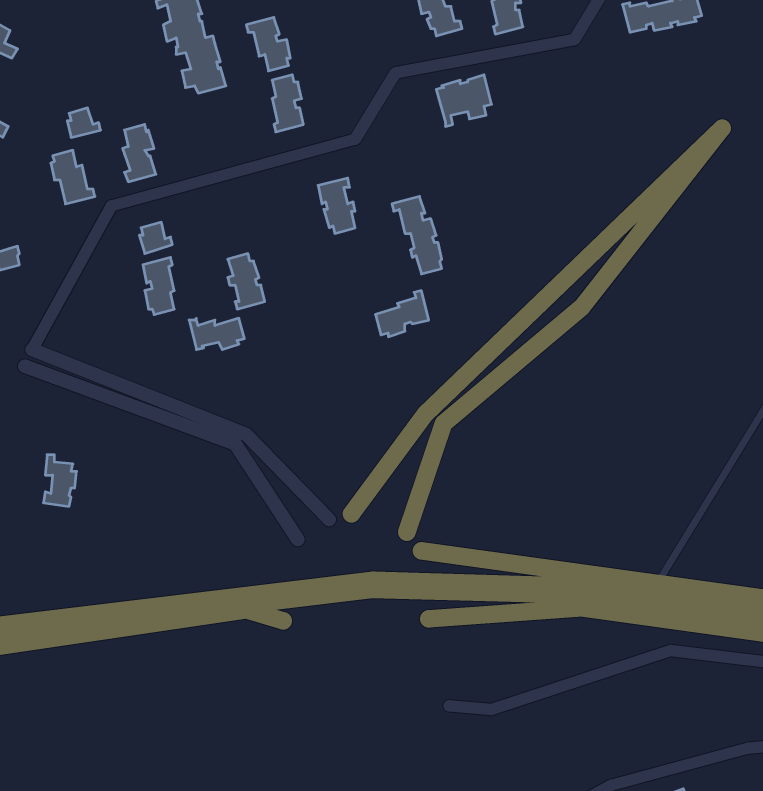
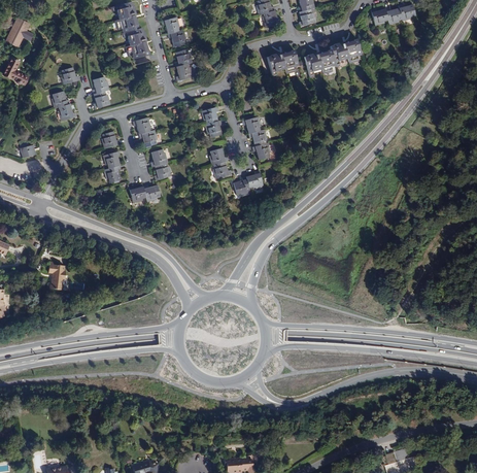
building: none -> [303,38,361,77]
building: none -> [132,116,157,146]
building: none -> [209,147,231,178]

